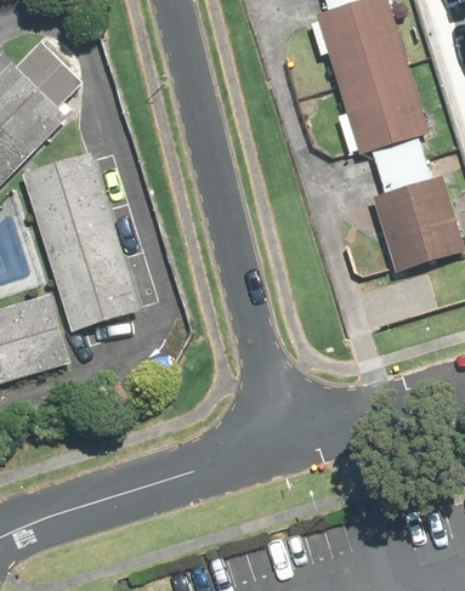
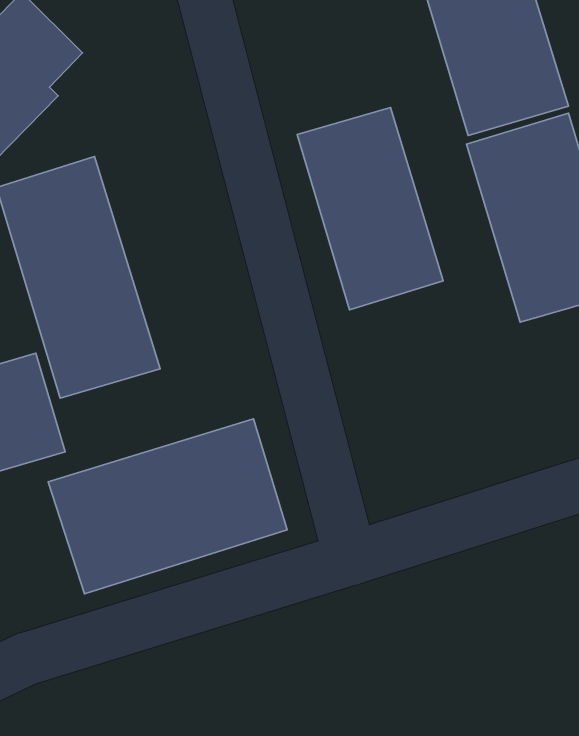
building: none -> [297,107,443,310]
building: none -> [48,419,287,594]

